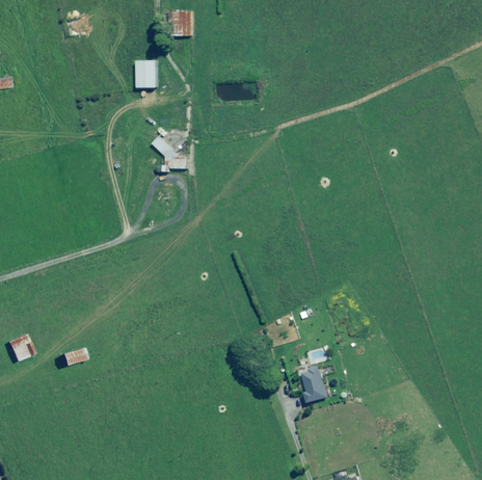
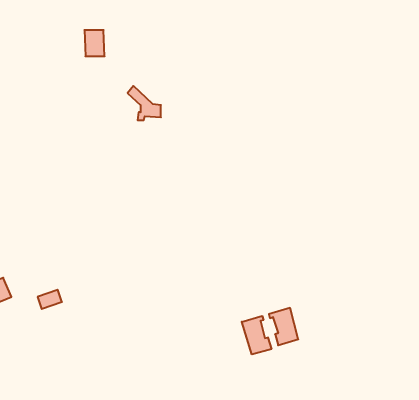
building: [136,60,157,87] -> [84,30,105,56]
building: none -> [242,316,271,354]

